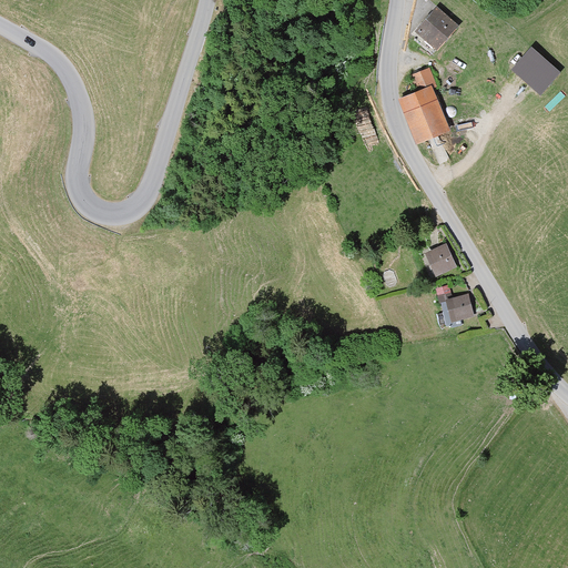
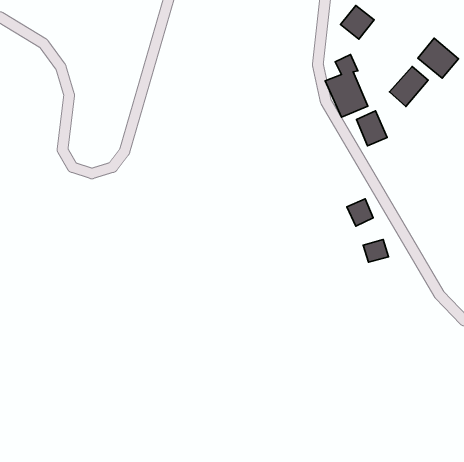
building: none -> [390,66,428,106]
building: none -> [356,111,387,146]

